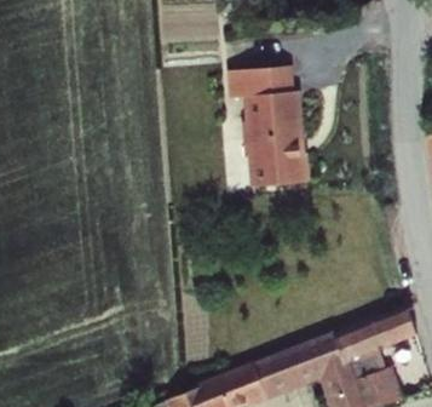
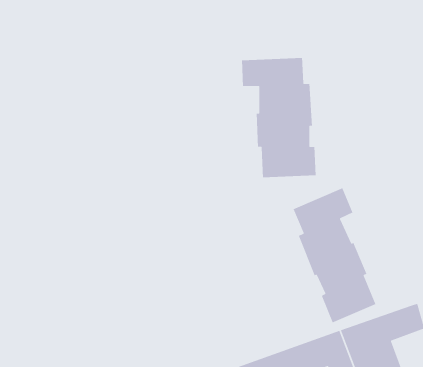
building: none -> [293,187,377,323]

